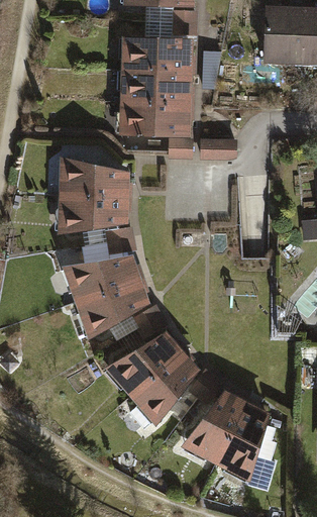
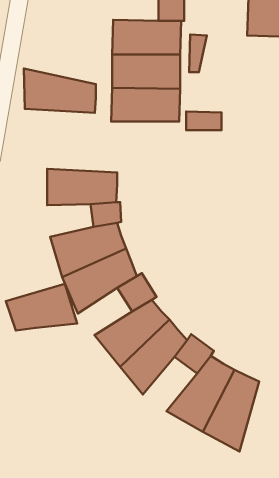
building: [56,152,129,198] -> [24,68,96,113]
building: none -> [6,284,77,331]

